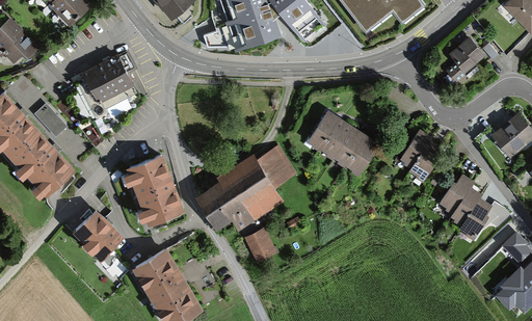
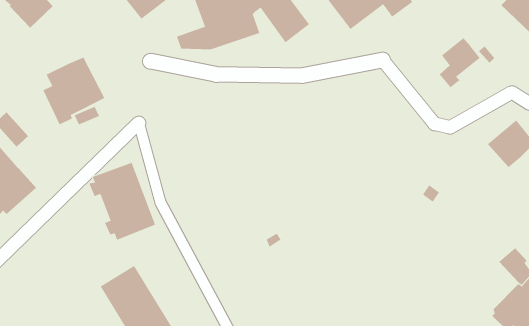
building: [308,110,378,177] -> none
building: [400,128,445,183] -> none
building: [197,148,294,231] -> none
building: [437,172,494,240] -> none
building: [73,210,123,260] -> none
building: [244,229,276,264] -> none

